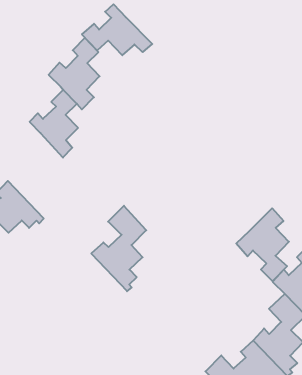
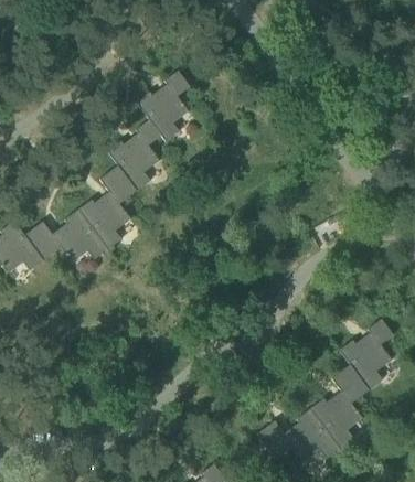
building: [82,4,152,55] -> none
building: [91,206,146,291] -> [77,163,138,253]
building: [236,208,289,281] -> none

